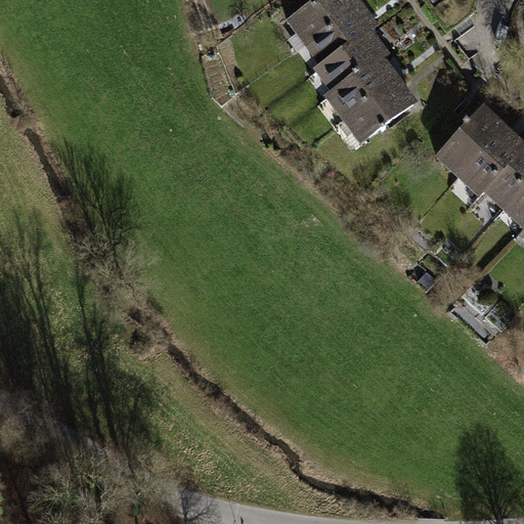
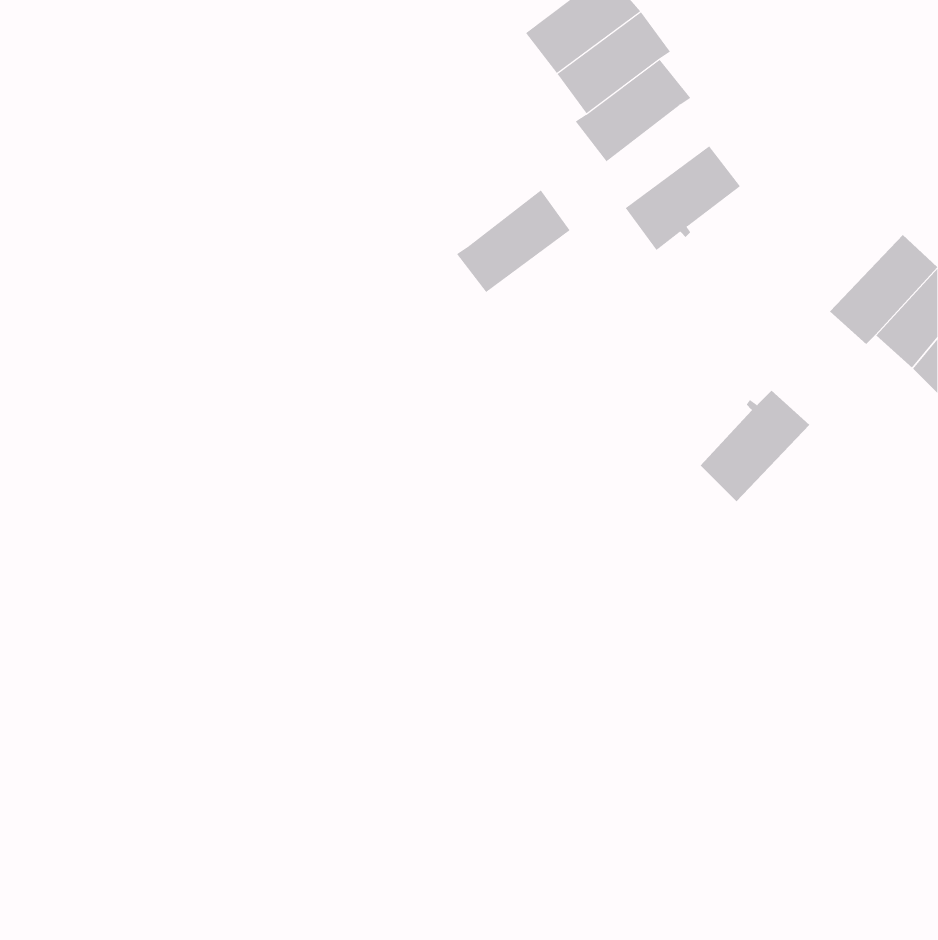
building: [331,58,394,116] -> [456,190,571,293]
building: [440,111,501,173] -> [700,390,810,502]

